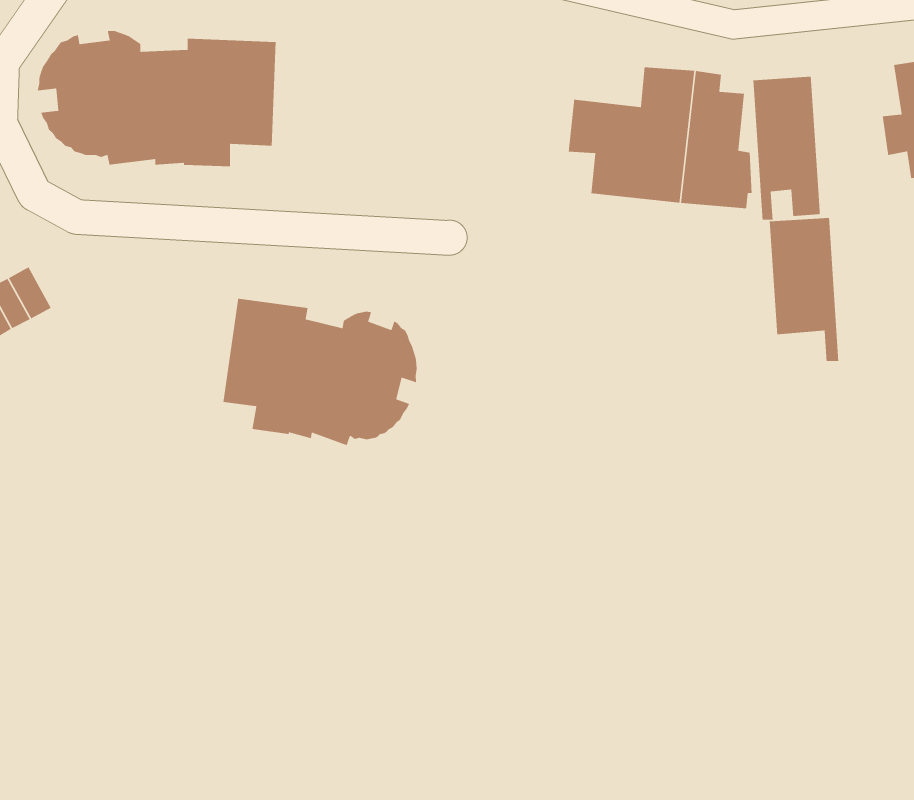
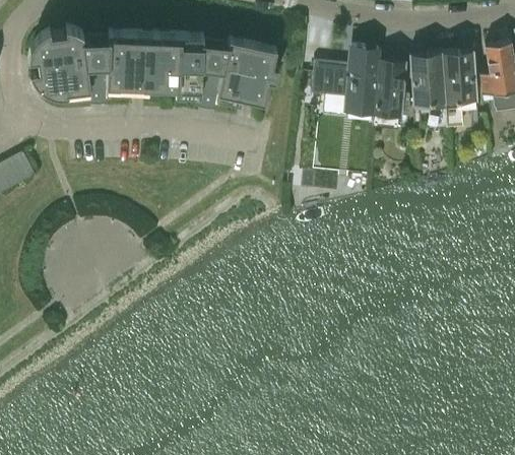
building: none -> [154,30,279,108]
building: [769,217,839,362] -> [442,47,479,124]
building: [222,298,418,446] -> none

